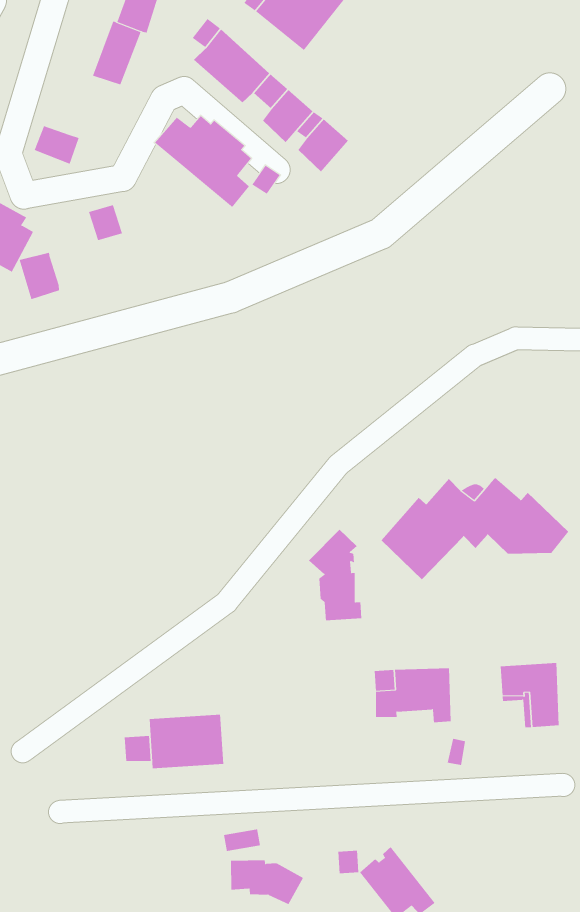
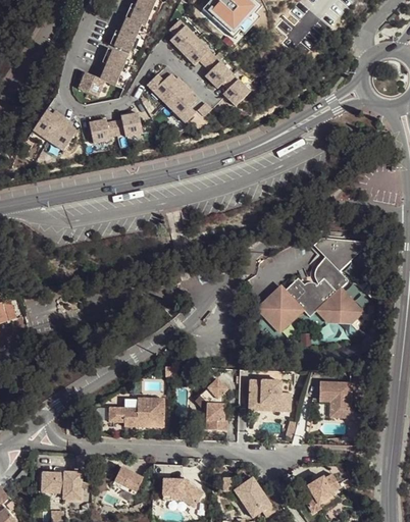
building: none -> [100,48,129,84]
building: none -> [121,110,144,137]
building: [19,252,60,300] -> [90,117,111,143]
building: none -> [314,240,364,293]
building: [308,529,362,621] -> [197,380,224,430]
building: none -> [302,475,339,513]
building: none -> [110,467,141,495]
building: none -> [40,473,80,494]

